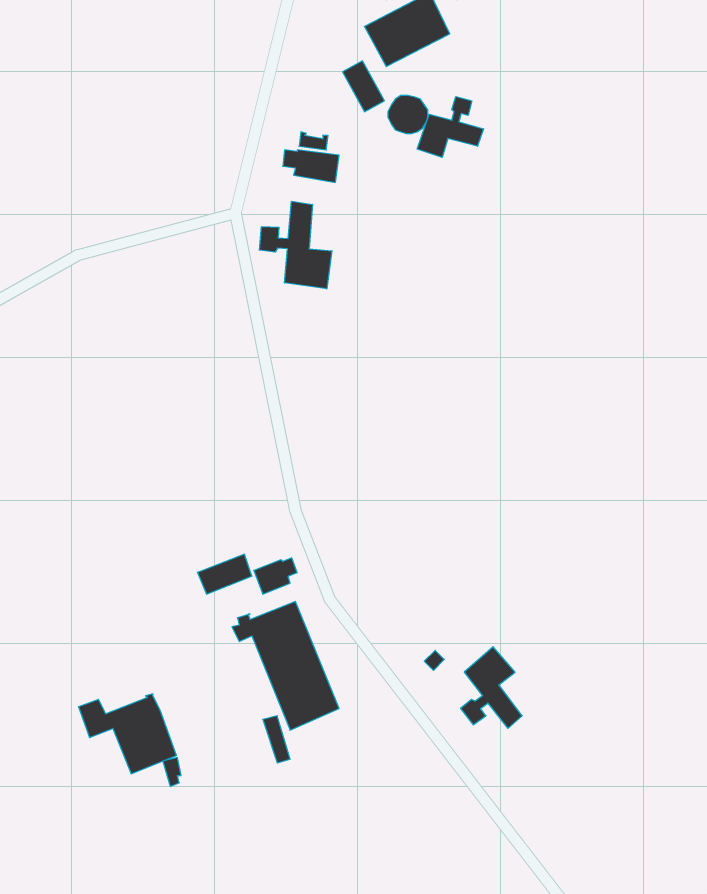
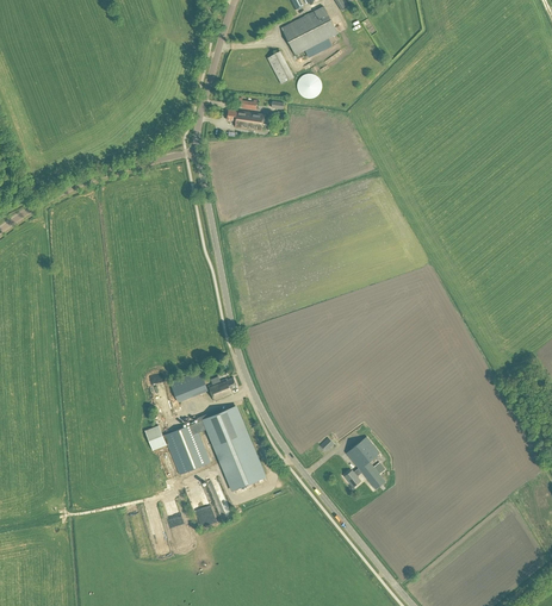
building: [417,97,484,157] -> none
building: [260,201,332,289] -> none
building: [78,694,176,774] -> [145,421,210,474]

